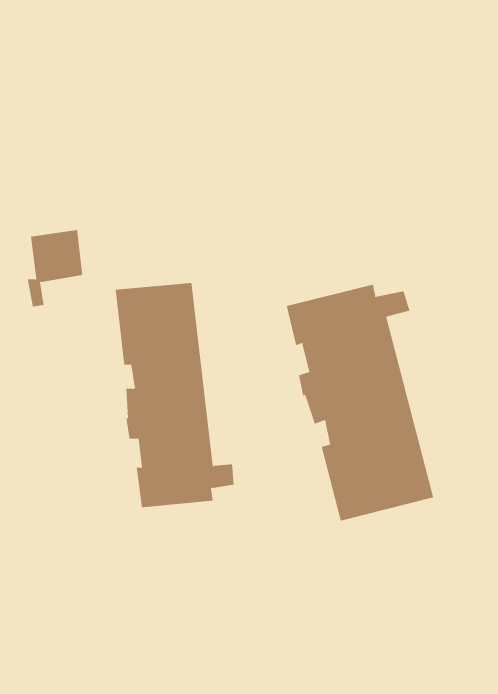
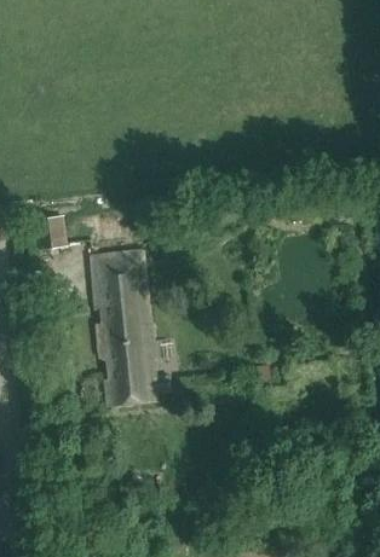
building: [286,284,434,521] -> none

